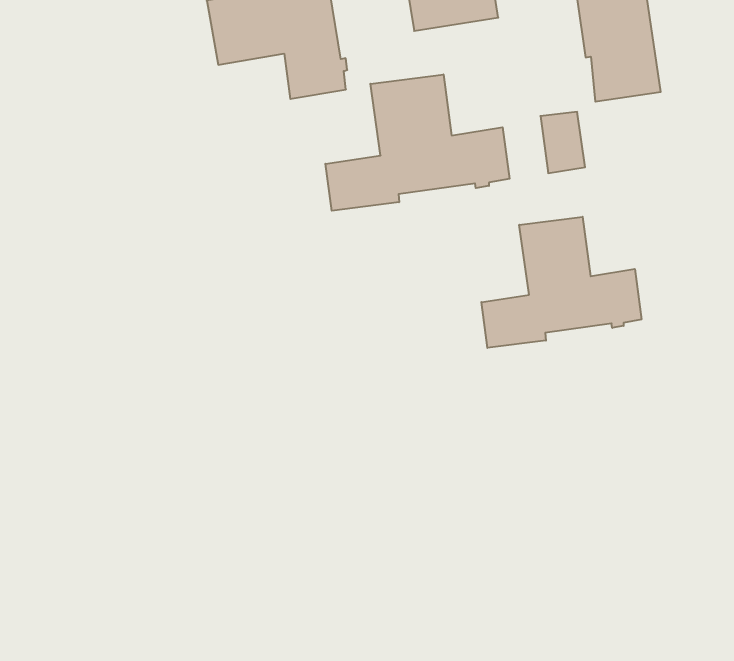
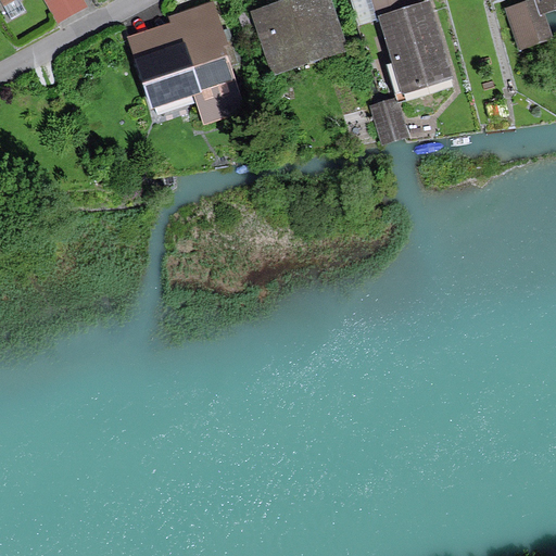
building: [325,74,510,211] -> none
building: [481,217,641,348] -> none

